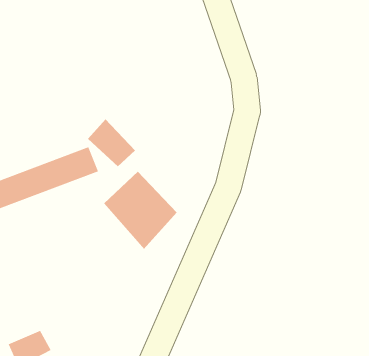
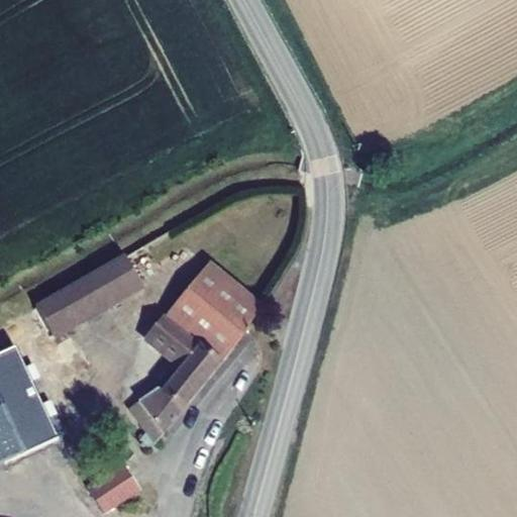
building: [87,118,136,167] -> none
building: none -> [132,307,229,450]

